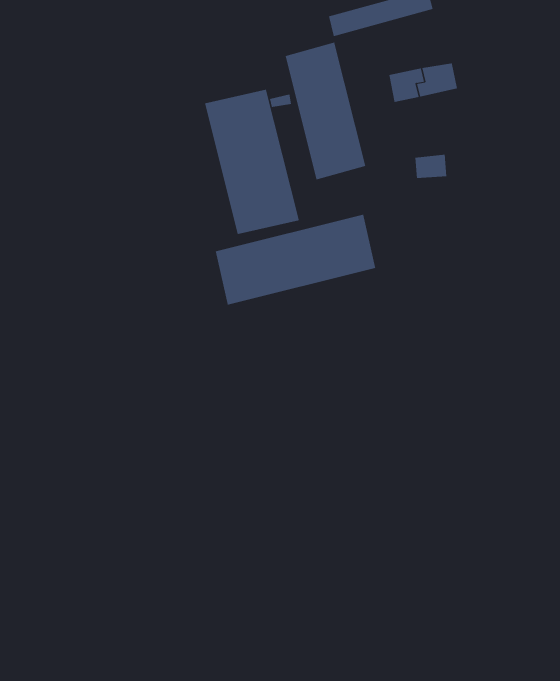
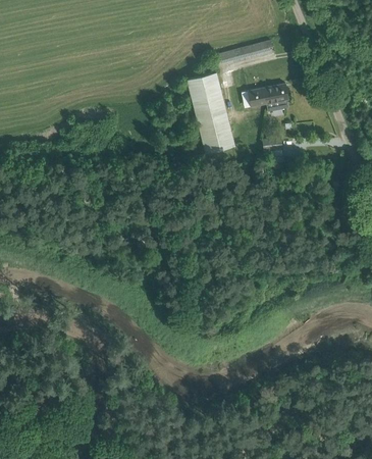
building: [204,89,299,235] -> none
building: [215,214,376,306] -> none

